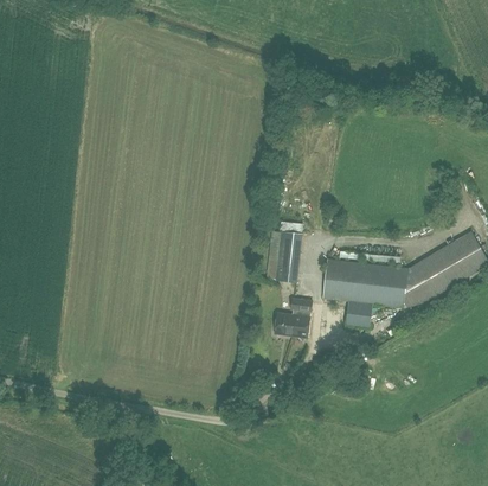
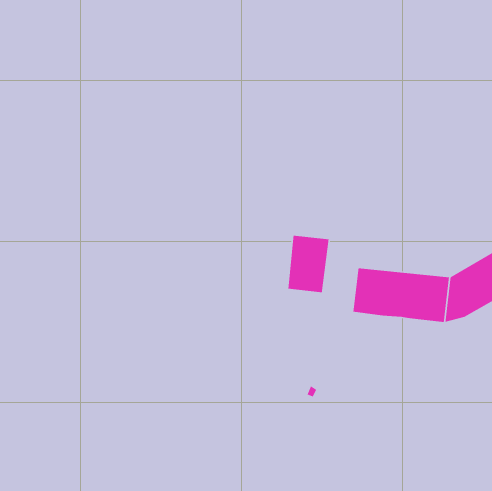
building: [274,296,312,338] -> none
building: [345,301,372,328] -> none

